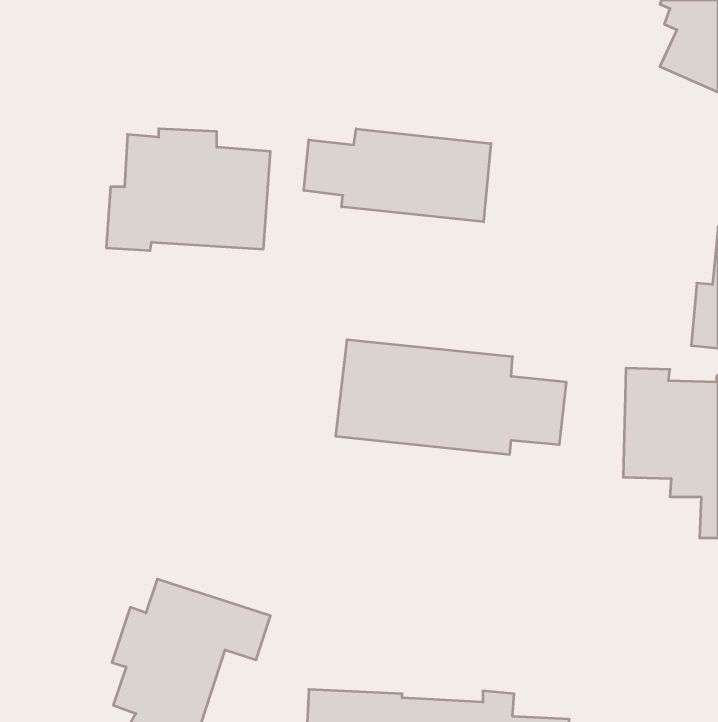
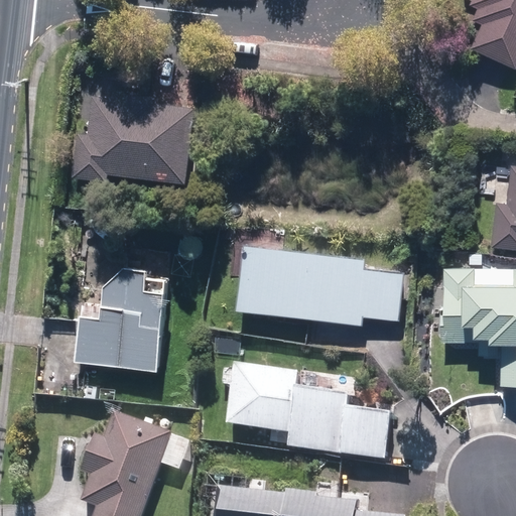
building: [304,129,491,222] -> none
building: none -> [79,265,167,367]
building: none -> [223,360,389,459]

